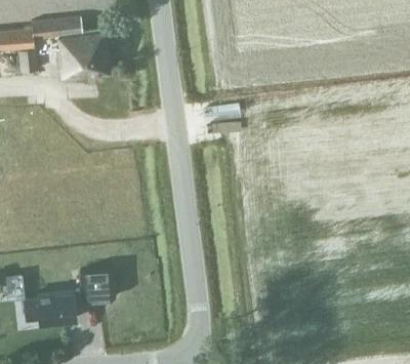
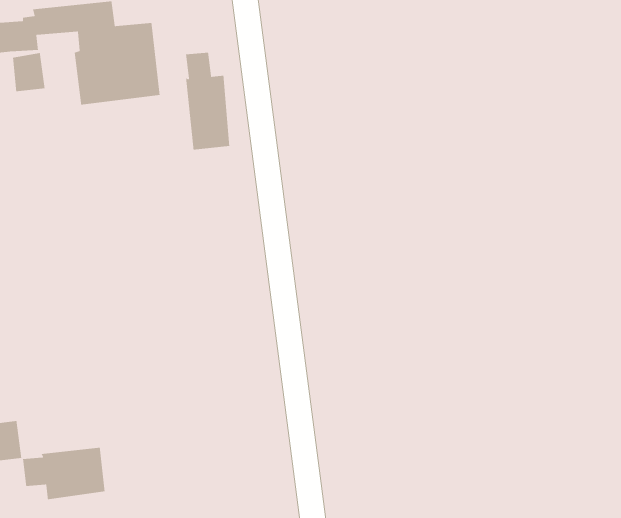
building: none -> [185,52,230,151]
building: [82,271,114,299] -> none

